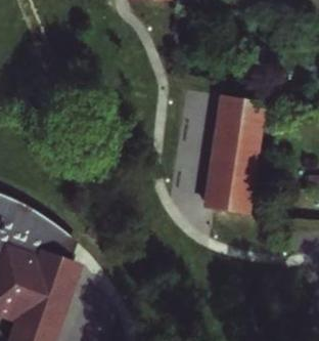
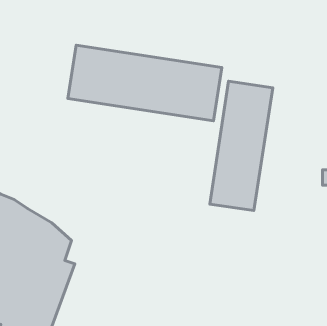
building: none -> [68,45,222,121]

